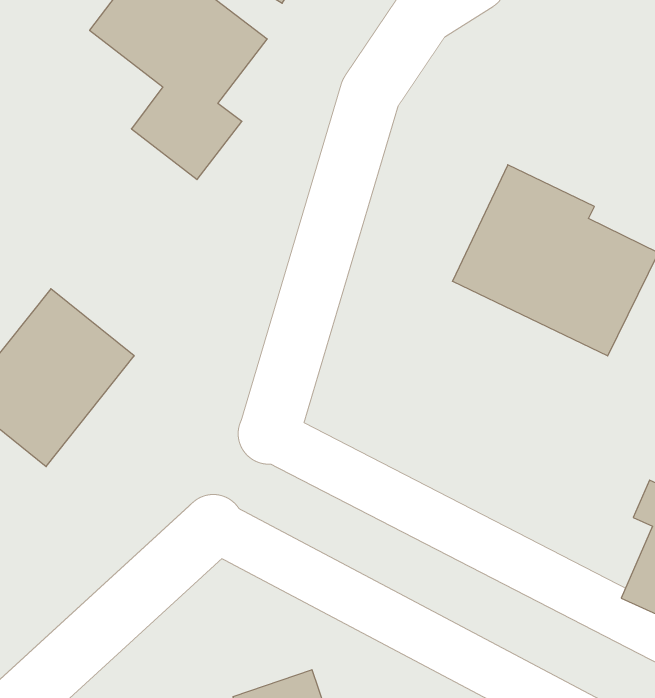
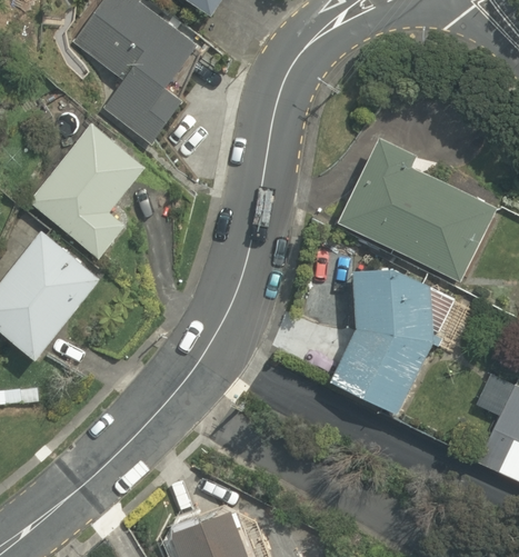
building: none -> [23,118,147,259]
building: none -> [330,268,466,411]

